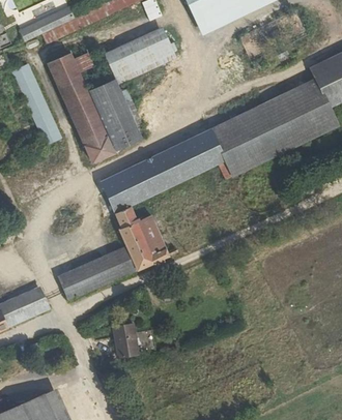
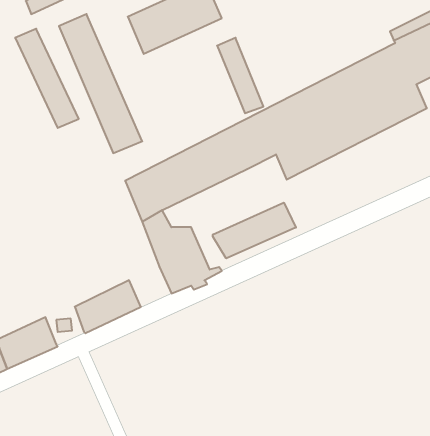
building: [96,89,133,148] -> [217,38,263,113]
building: none -> [213,203,296,258]
building: [104,249,137,280] -> none
building: [115,326,134,356] -> none

